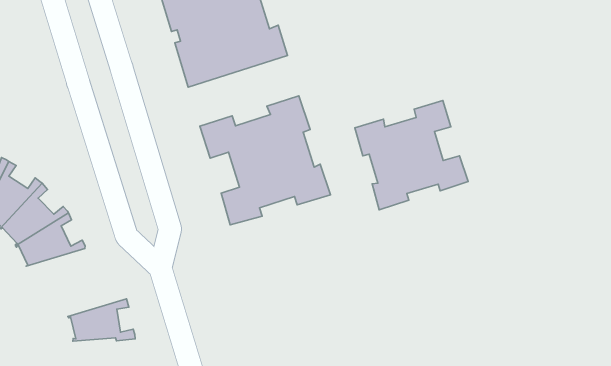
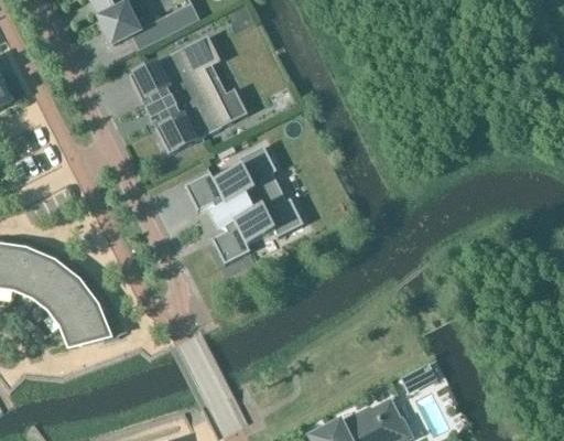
building: [355,100,468,210] -> none
building: [68,299,135,341] -> [61,304,120,347]

